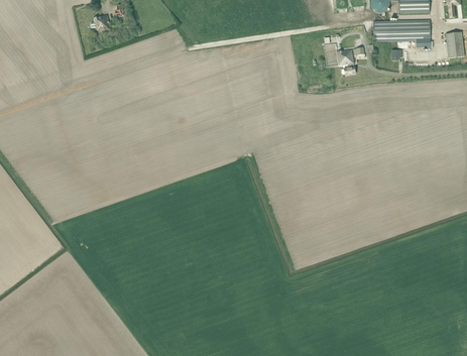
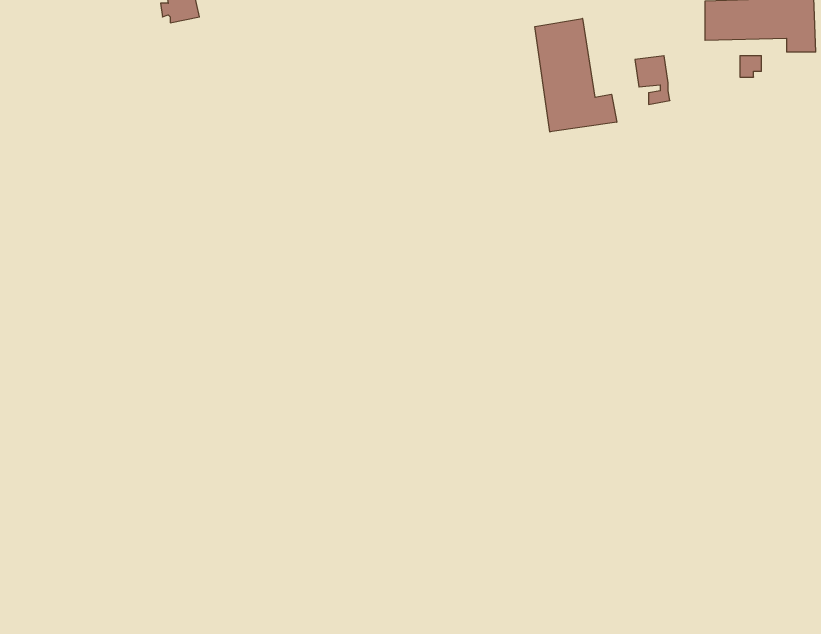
building: none -> [535,18,617,132]

